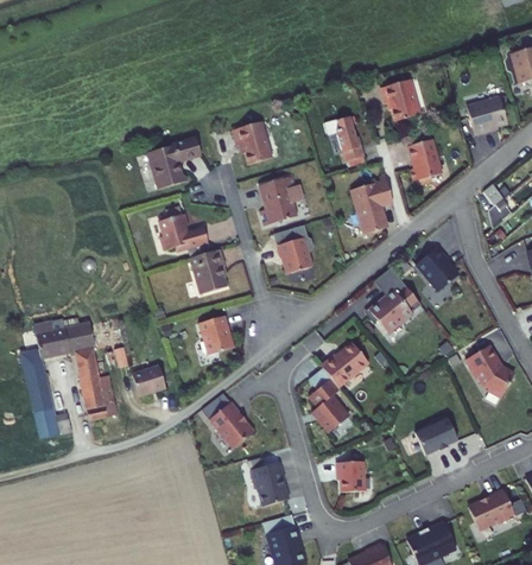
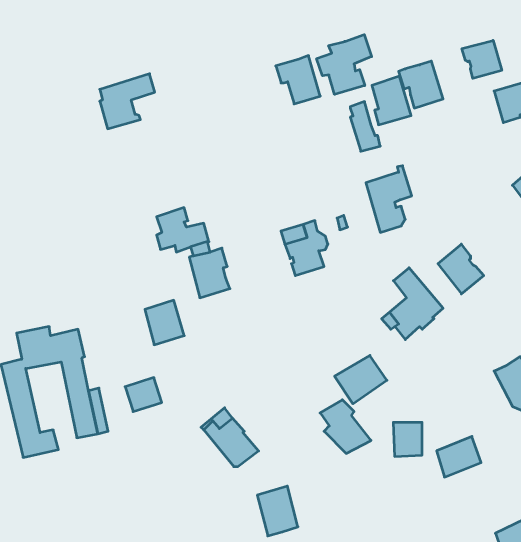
building: none -> [317,35,372,94]
building: none -> [462,40,502,78]
building: [232,119,272,163] -> [276,56,320,104]
building: [151,137,201,186] -> [100,74,155,129]
building: [407,137,443,180] -> [372,76,411,125]
building: [259,174,302,223] -> none
building: [198,313,234,354] -> [145,300,184,345]
building: [337,463,363,494] -> [393,422,422,456]

